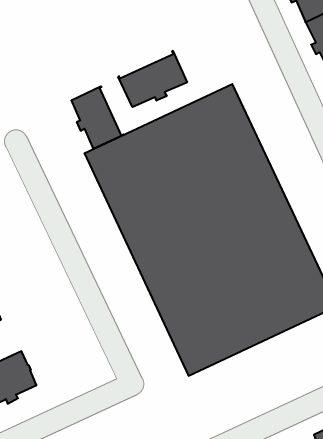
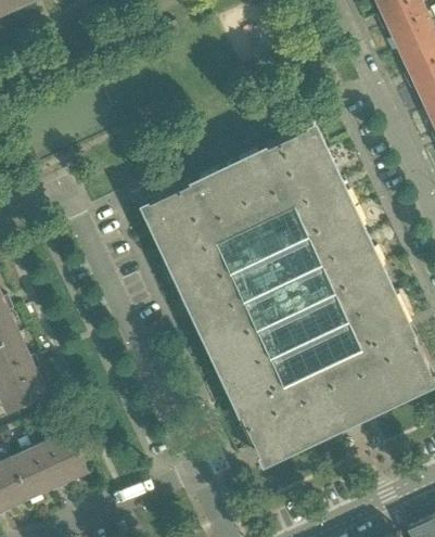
building: [118,51,187,107] -> none
building: [71,86,124,149] -> none

